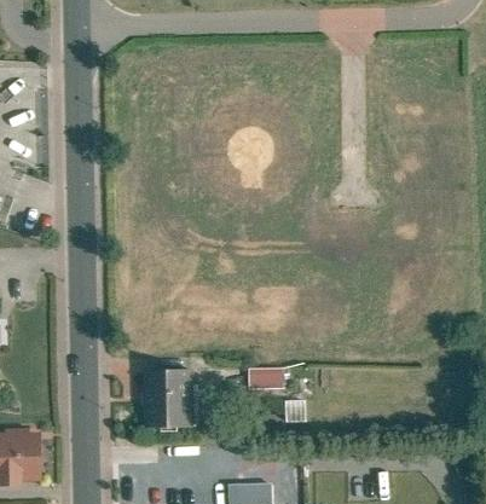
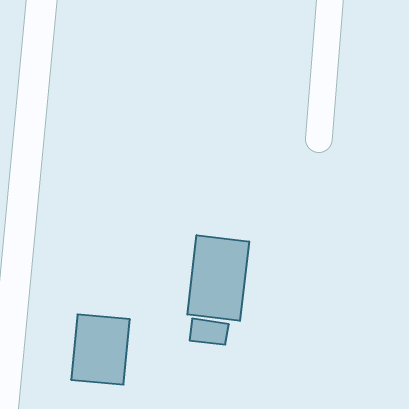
building: none -> [187,235,249,321]

